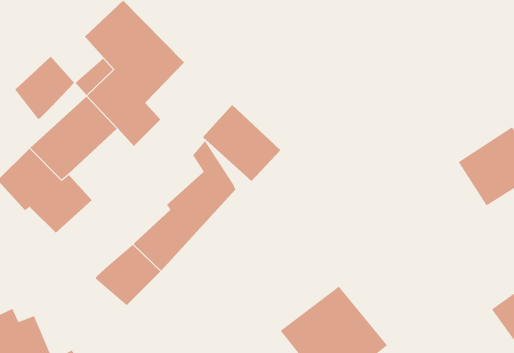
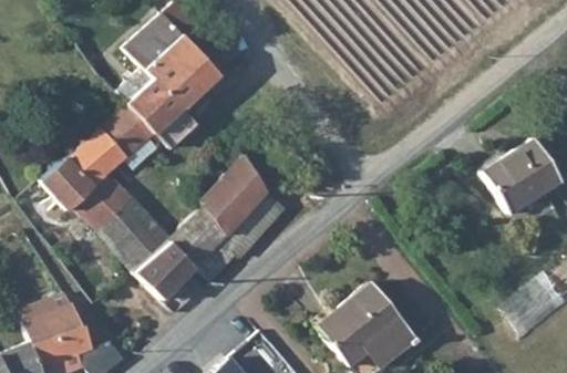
building: [15,56,75,120] -> none
building: [202,104,281,182] -> none
building: none -> [103,201,176,262]

